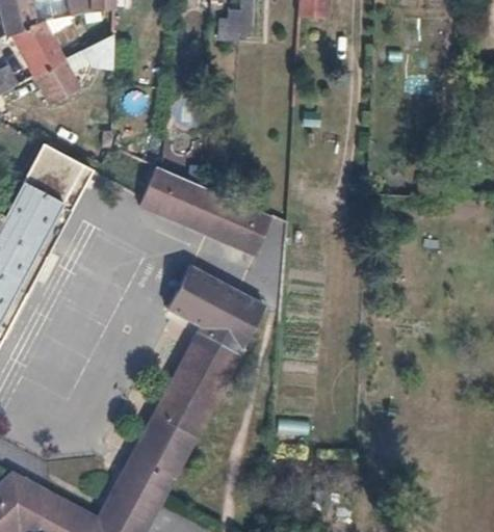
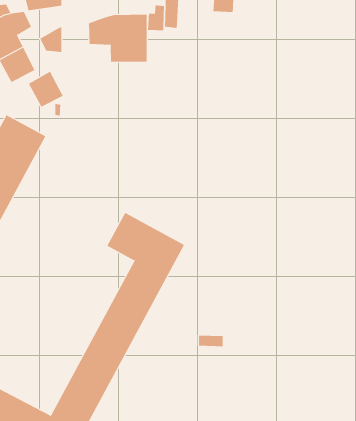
building: none -> [89,14,147,62]
building: none -> [28,71,64,107]
building: [138,167,271,255] -> none

